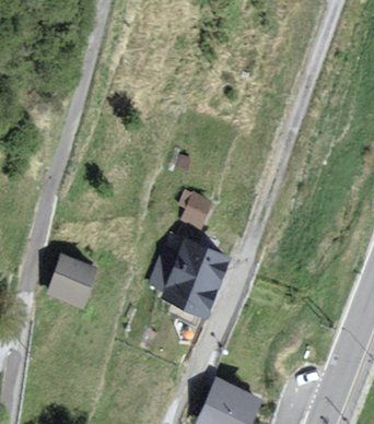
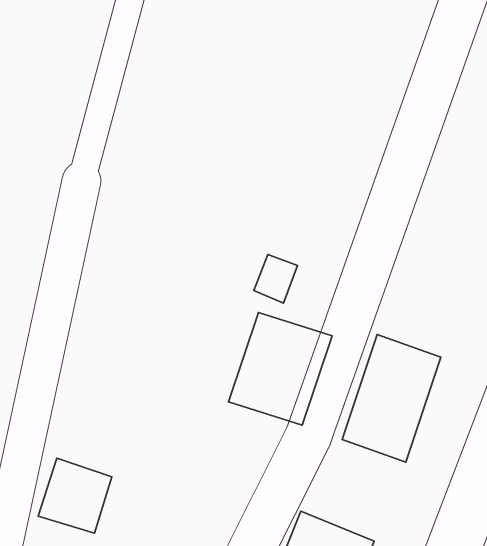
building: none -> [342,335,441,462]
building: [47,255,98,307] -> [38,458,112,533]

